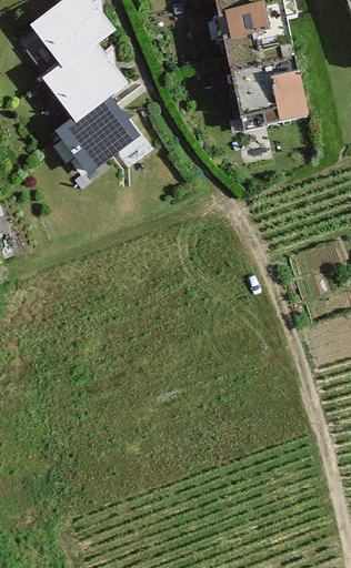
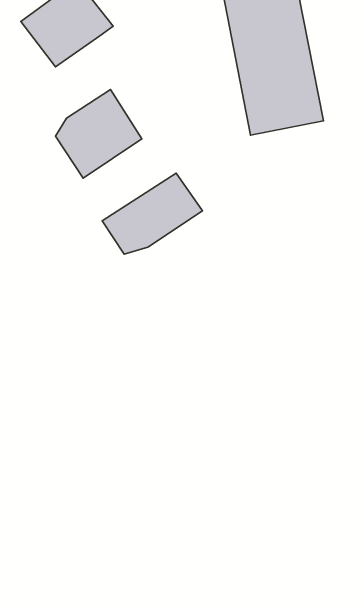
building: [42,38,126,114] -> none
building: none -> [102,173,202,254]

